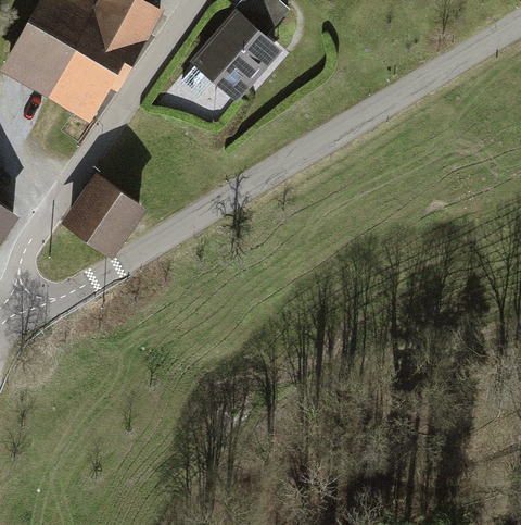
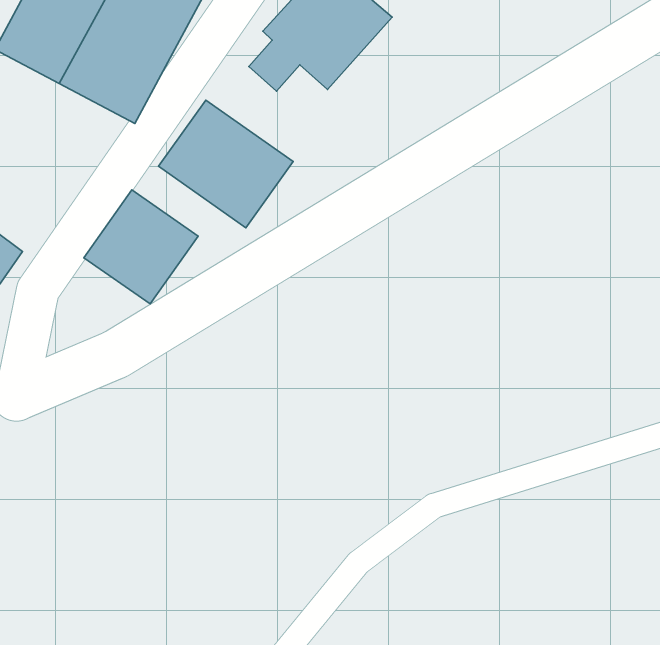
building: none -> [158,100,293,228]

